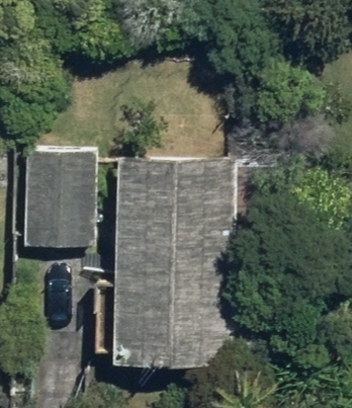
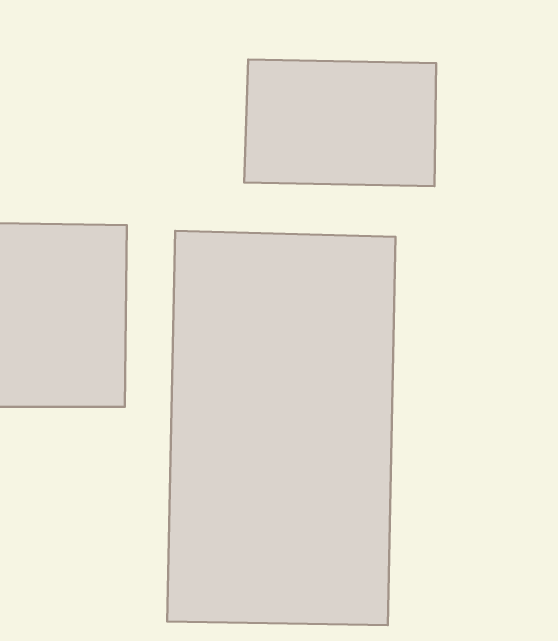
building: none -> [244,59,436,186]

